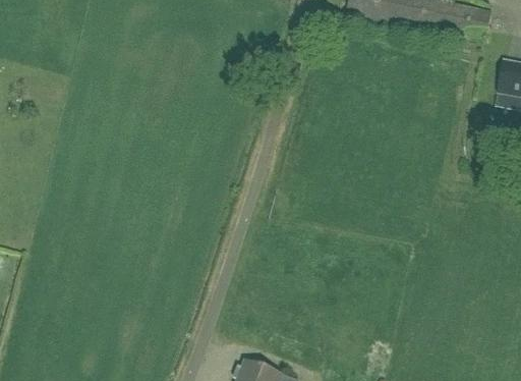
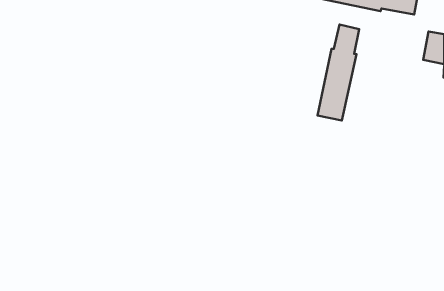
building: none -> [318,24,359,121]

